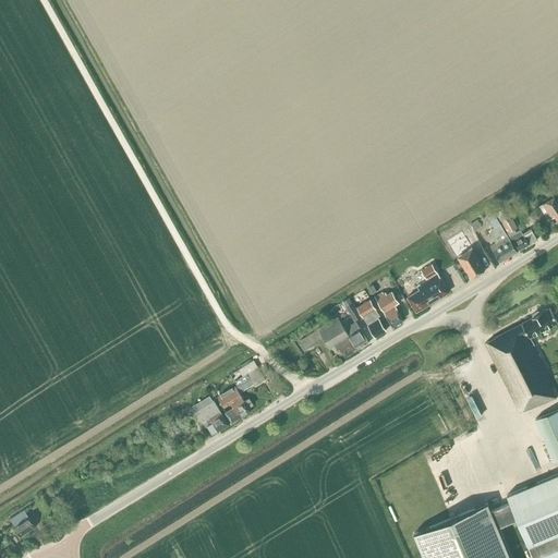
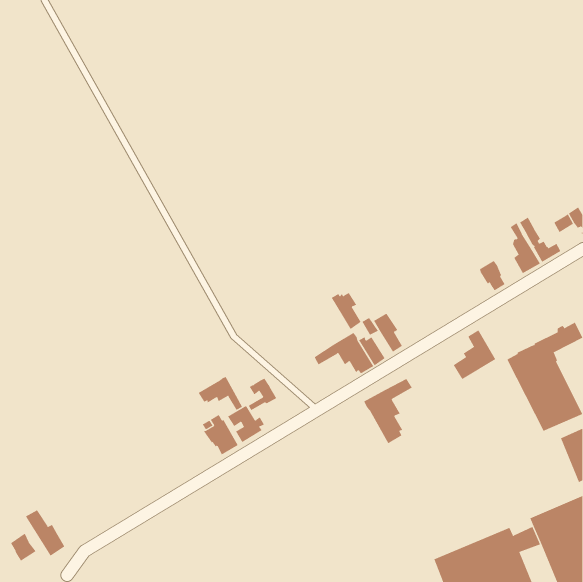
building: [407,265,448,313] -> [453,330,496,380]
building: [374,292,403,328] -> [331,292,362,330]
building: none -> [198,376,243,411]
building: none -> [364,378,412,444]
building: none -> [25,509,65,556]

